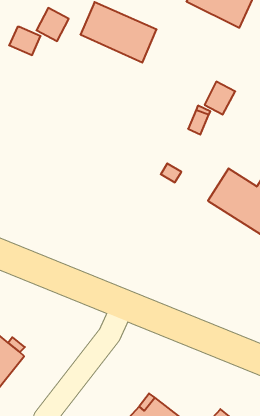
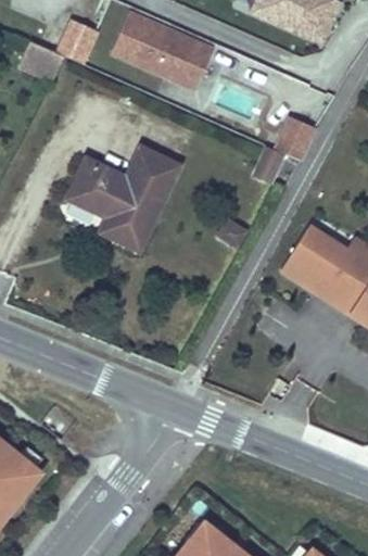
building: none -> [68,146,179,247]

